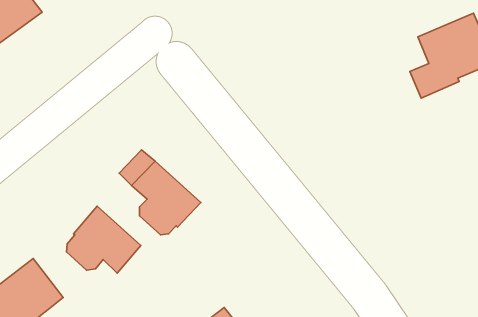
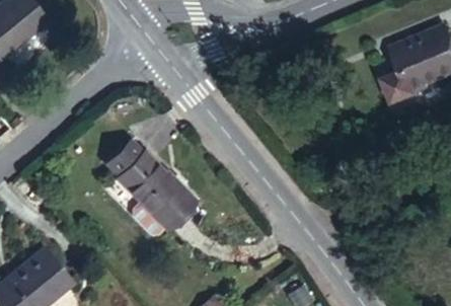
building: [66,206,141,273] -> none

